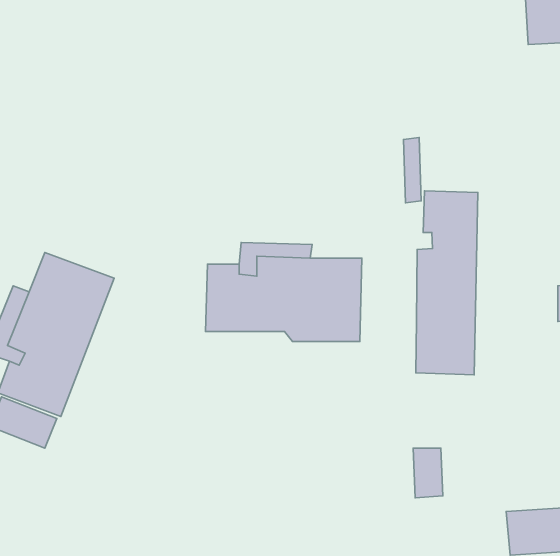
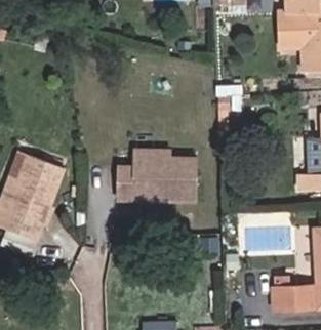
building: [416,191,478,375] -> none

